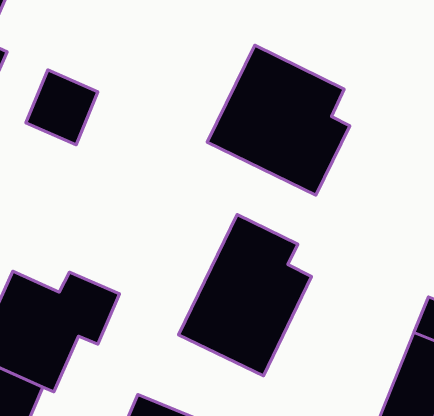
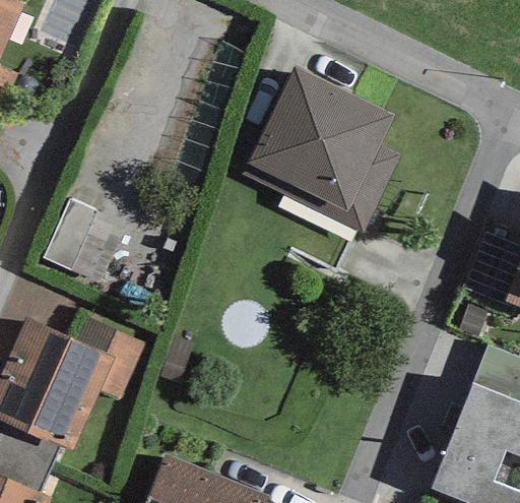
building: [26,70,98,145] -> [52,207,132,291]
building: [179,215,311,376] -> none

